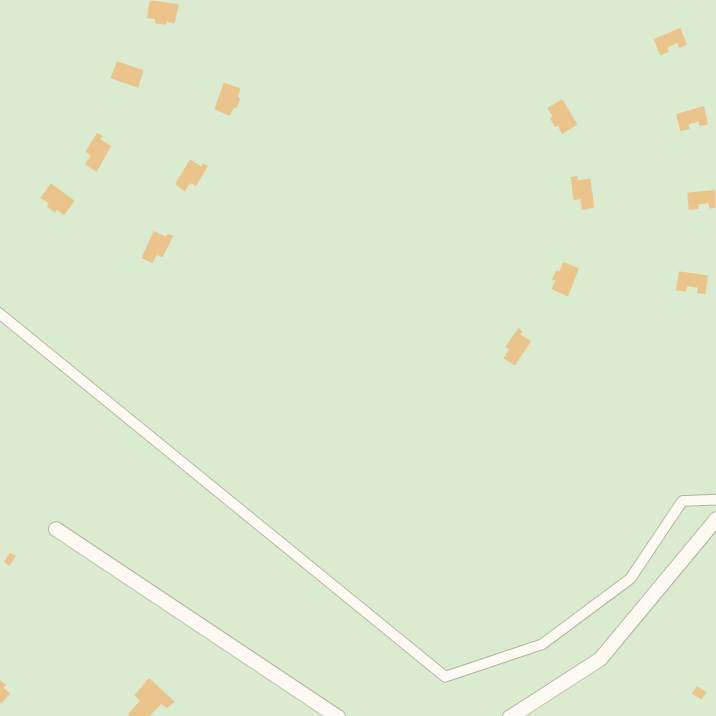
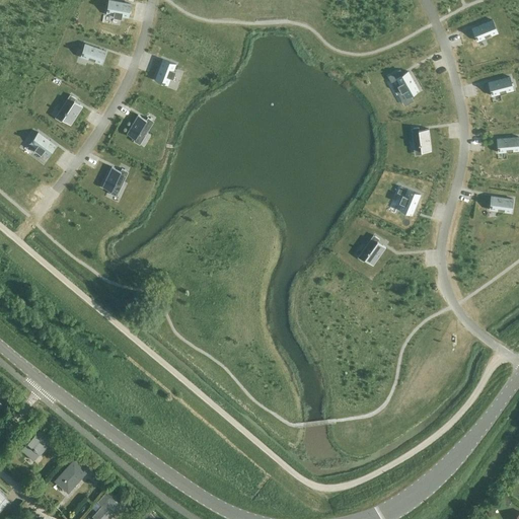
building: none -> [20,429,52,461]
building: none -> [55,452,85,493]

